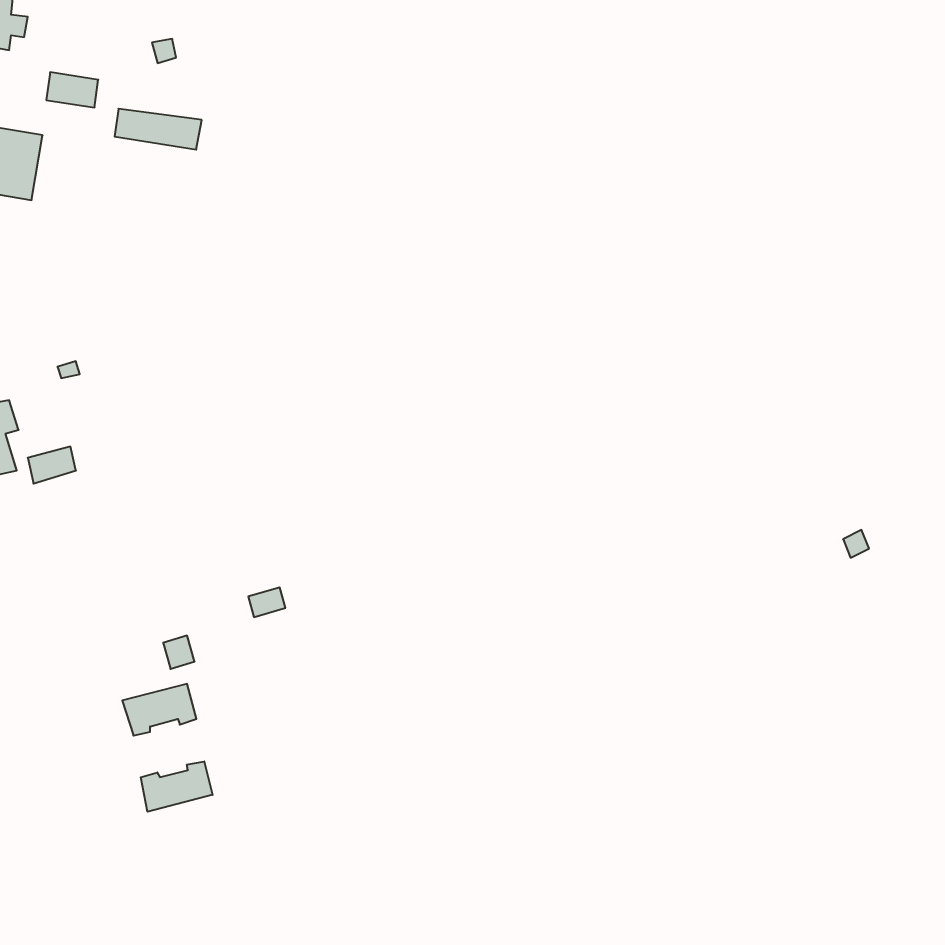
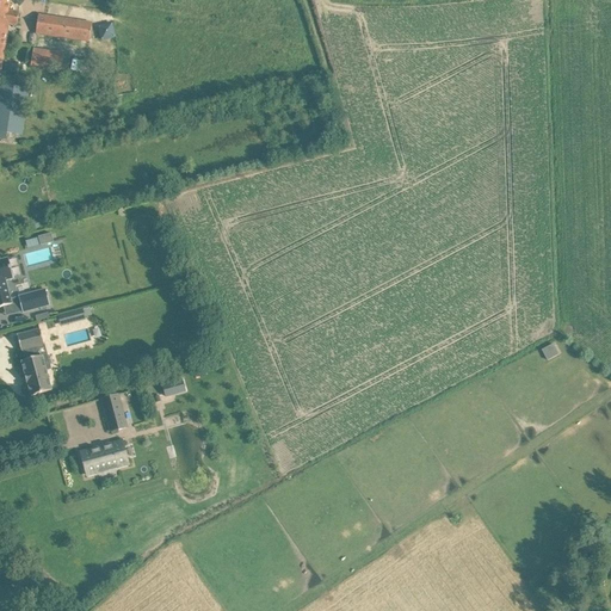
building: [115,109,202,150] -> [37,13,93,39]
building: none -> [16,328,50,395]
building: [141,761,213,812] -> none

